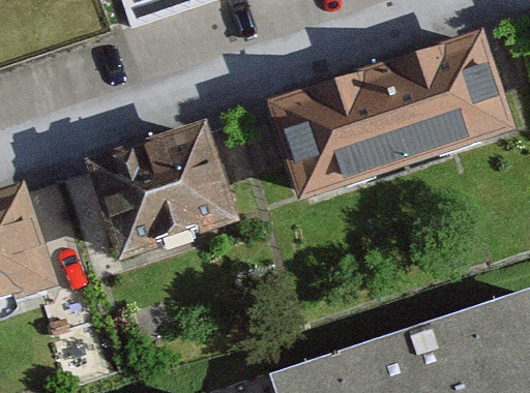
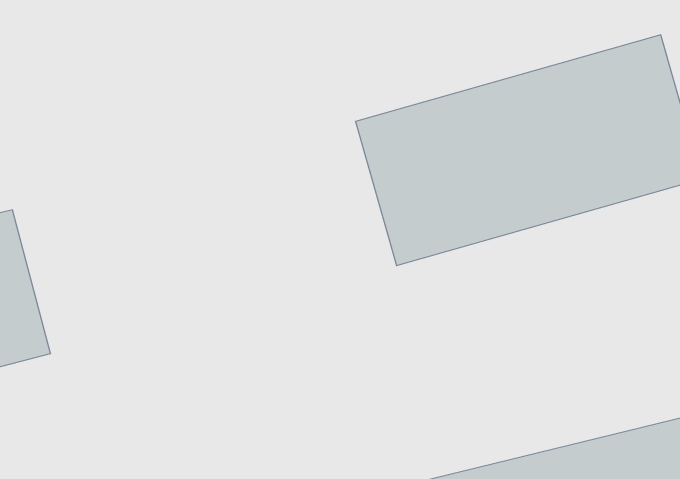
building: [80,127,232,266] -> none

